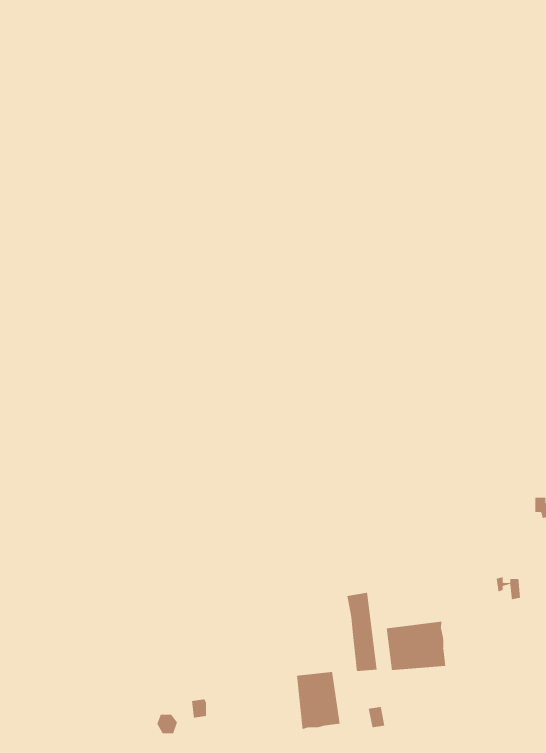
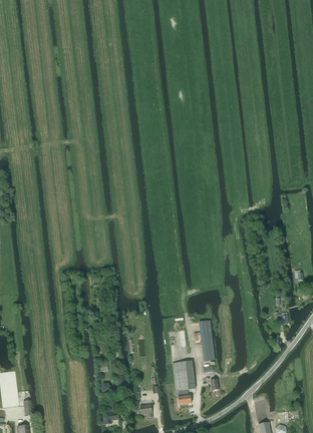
building: [386,621,446,671] -> none

